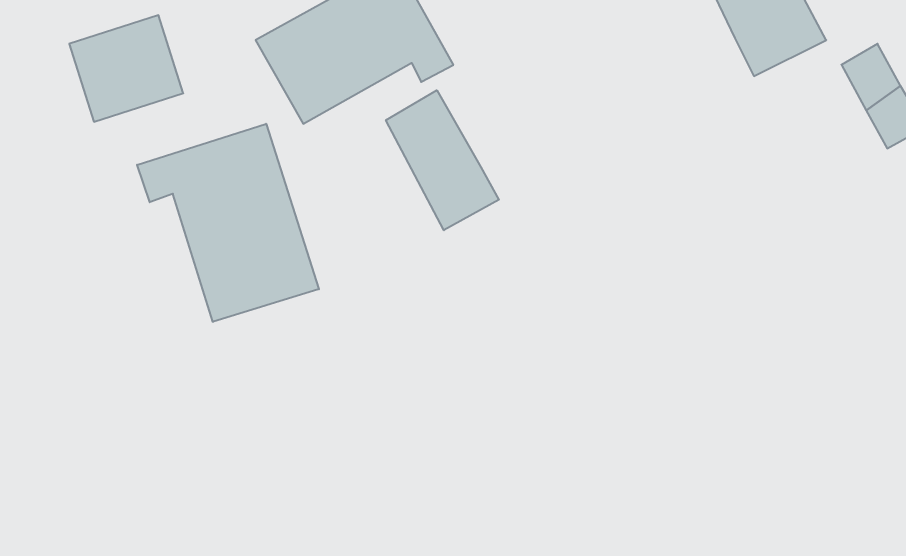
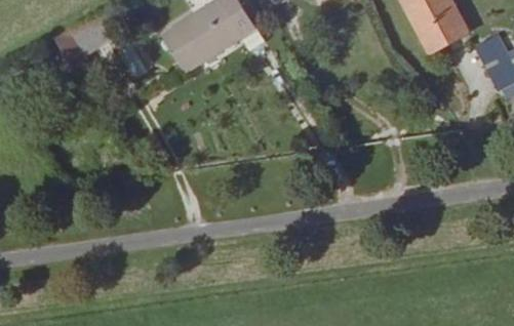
building: [386,90,499,230] -> none
building: [137,124,319,322] -> none

